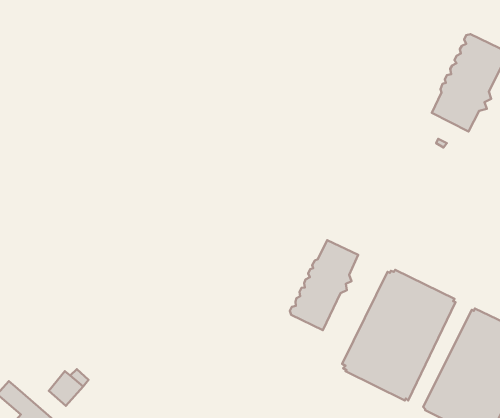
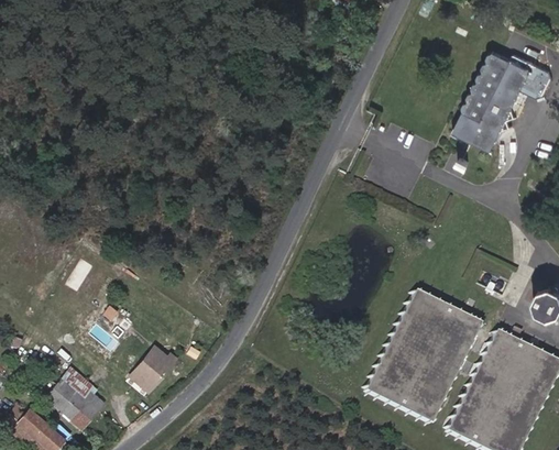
building: [290,240,358,330] -> none
building: none -> [133,344,176,389]
building: none -> [45,376,81,413]

